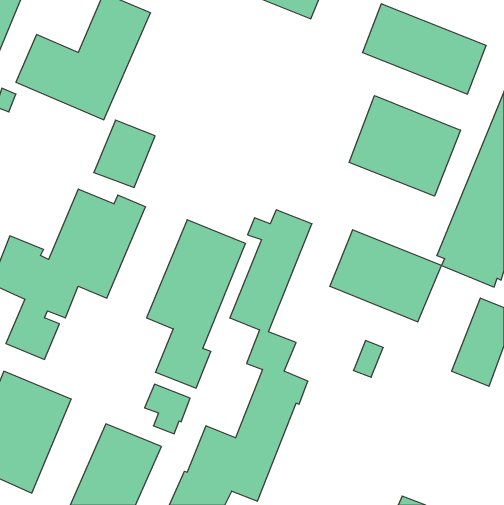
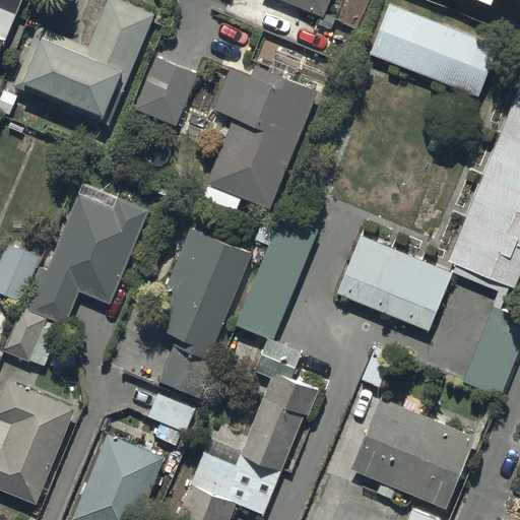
building: none -> [201,66,314,210]
building: [349,96,461,196] -> none
building: [94,120,155,187] -> [135,57,198,126]
building: none -> [352,400,476,509]

